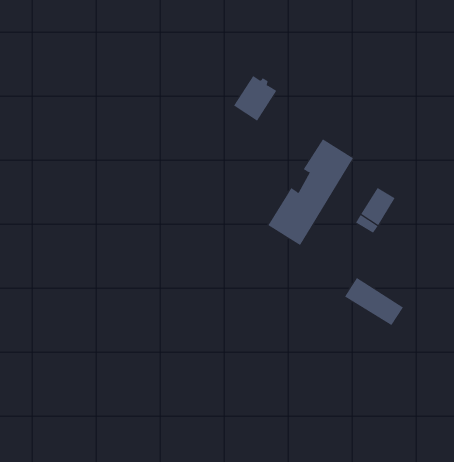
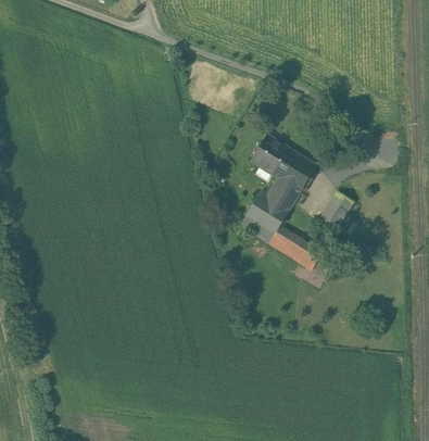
building: [233,75,277,121] -> [250,134,289,175]
building: [344,277,404,326] -> [269,226,323,269]

